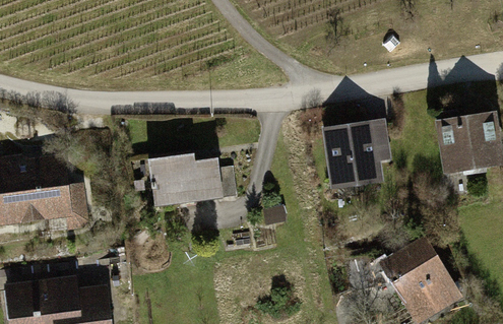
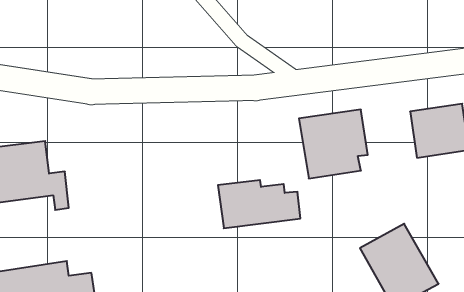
building: [146,155,232,205] -> [218,180,300,228]

